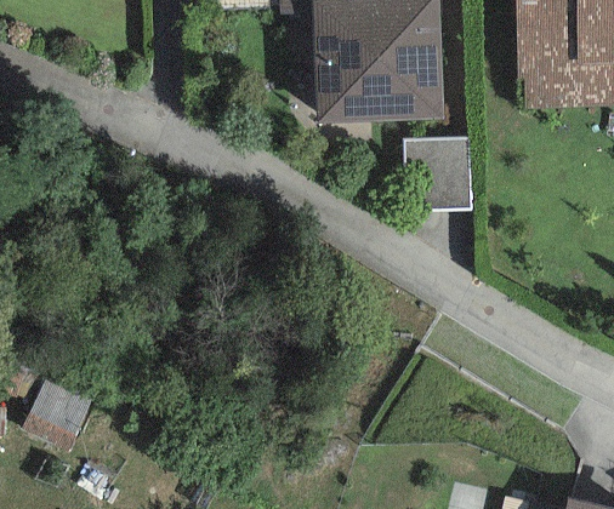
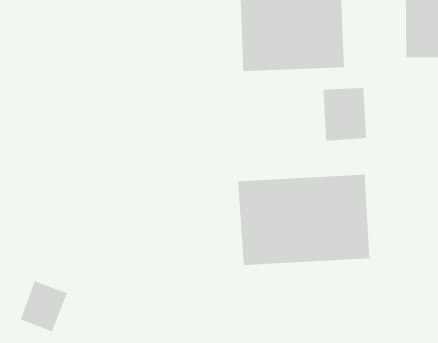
building: none -> [237,174,370,266]

